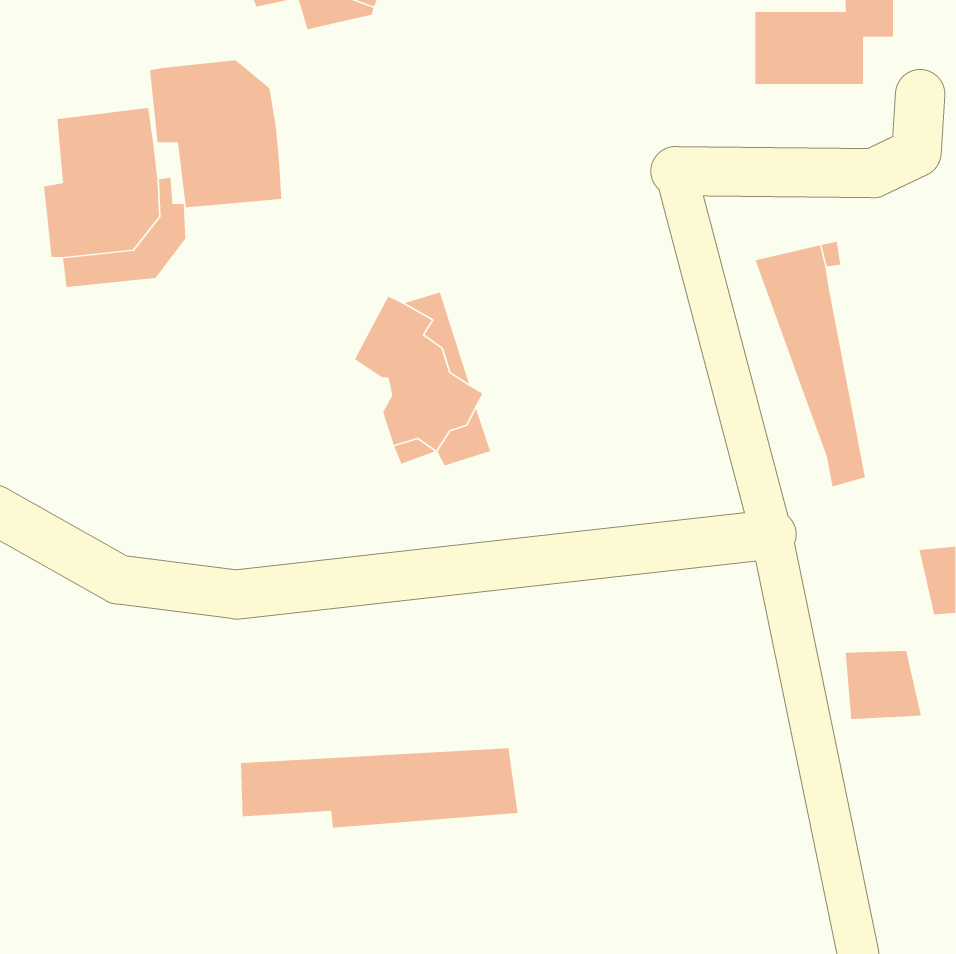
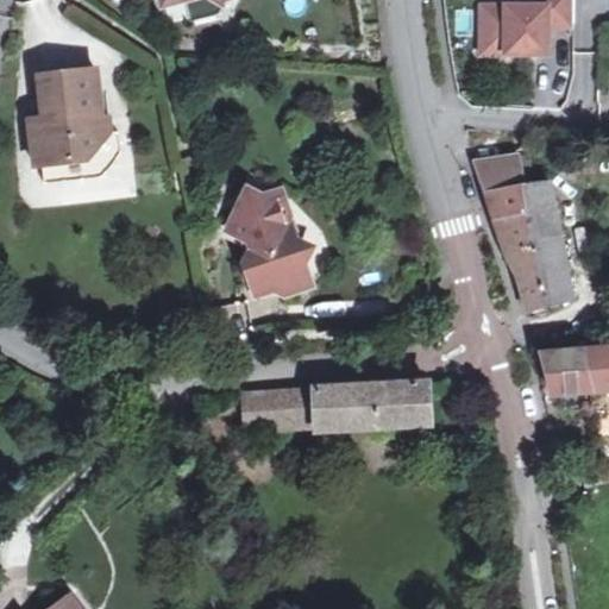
building: [149,59,282,208] -> none
building: none -> [525,181,571,302]
building: [845,650,922,720] -> [541,347,590,391]
building: [240,748,519,828] -> [251,378,427,429]

